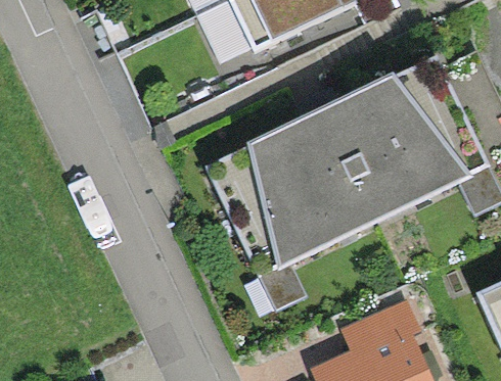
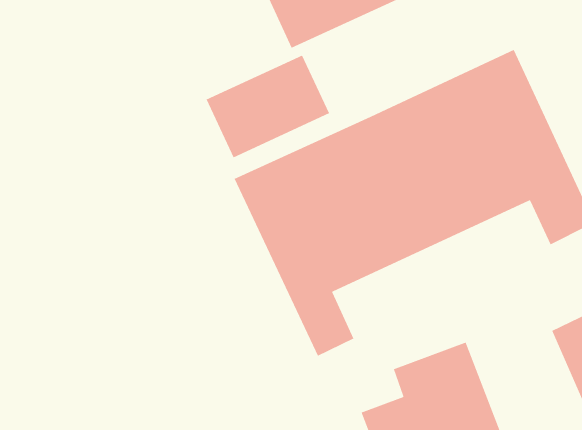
building: none -> [205,54,330,158]

